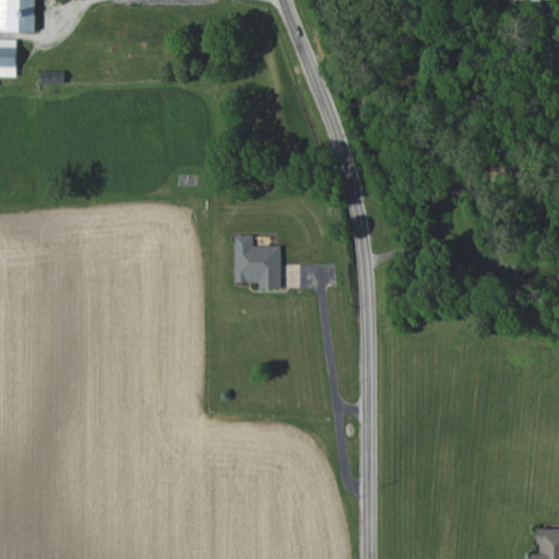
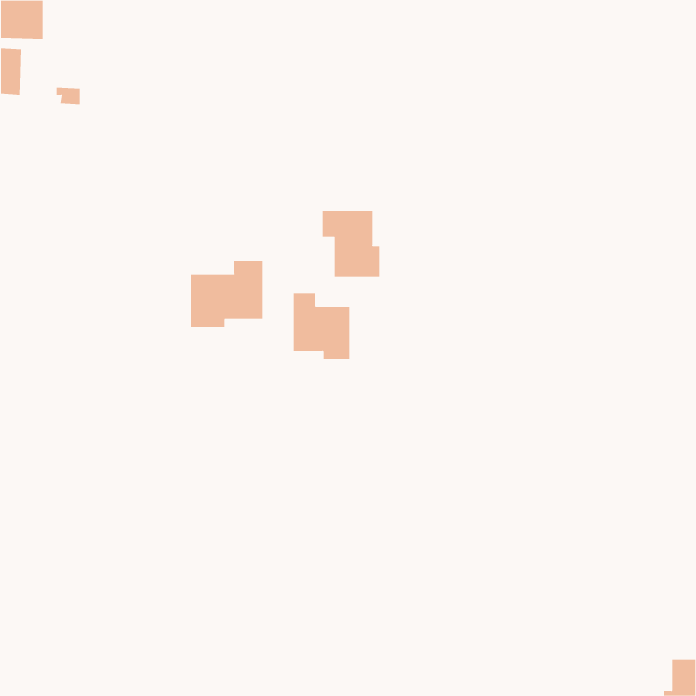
building: none -> [322,210,380,277]
building: none -> [191,260,263,328]

